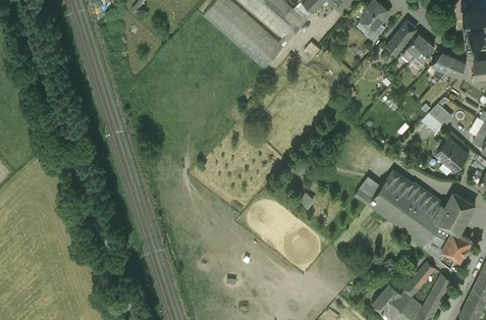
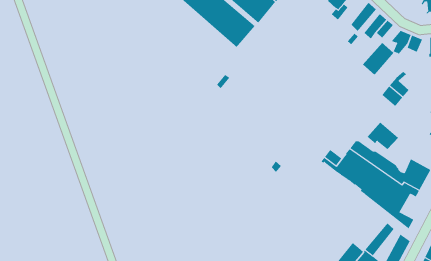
building: none -> [362,42,394,75]
building: [434,138,469,168] -> [367,122,399,150]
building: [441,230,470,260] -> none

